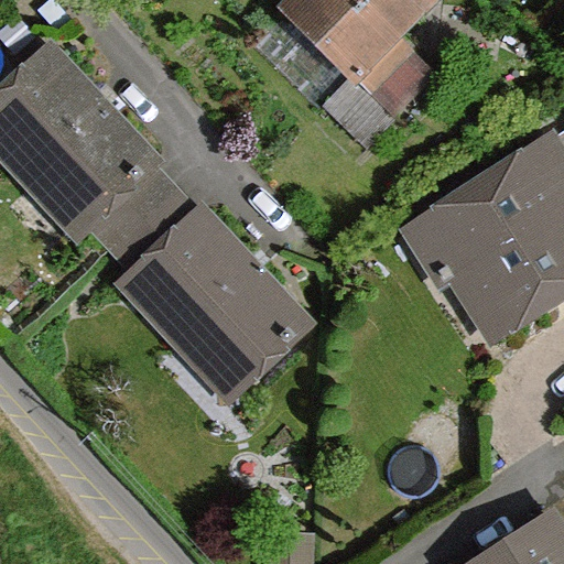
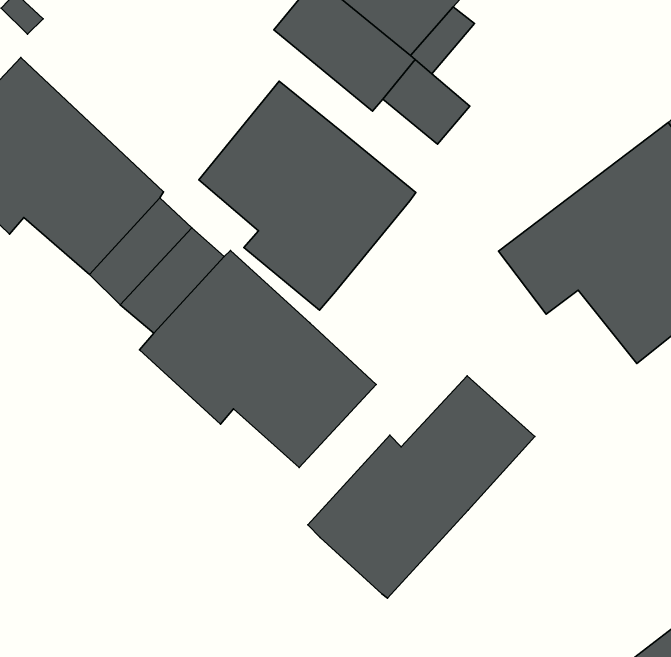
building: none -> [199,81,416,310]
building: none -> [308,376,535,598]

